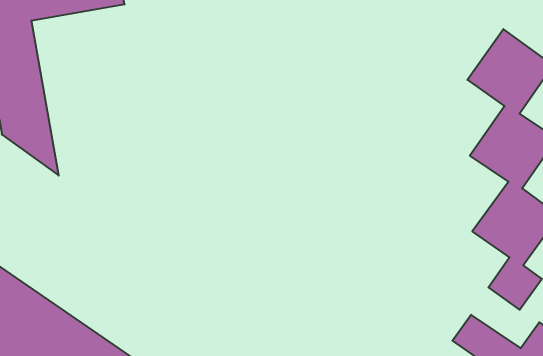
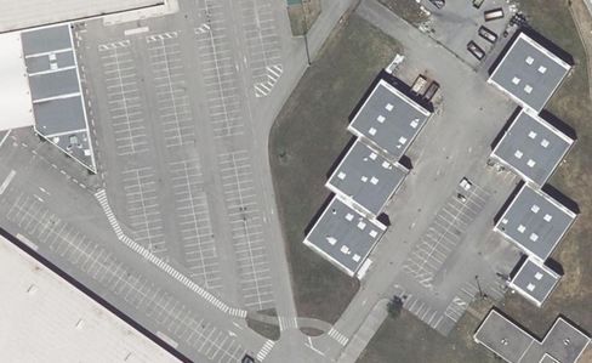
building: none -> [303,76,433,274]

